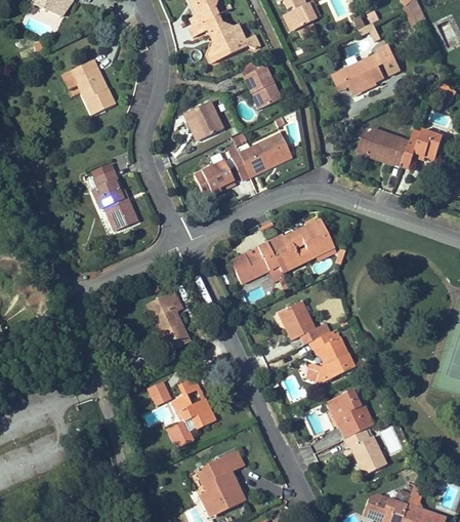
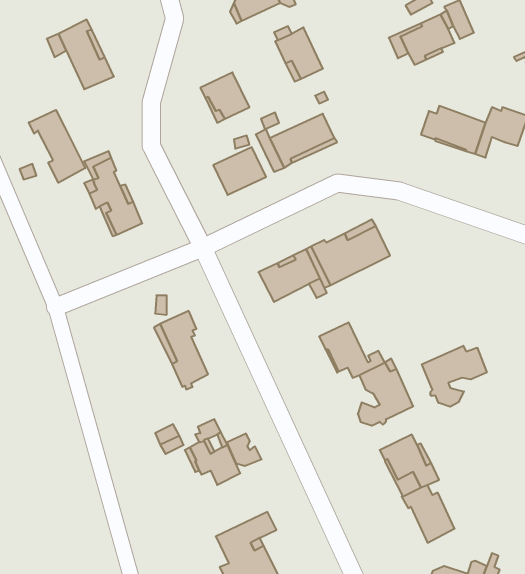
building: none -> [29,110,85,183]
building: none -> [422,346,487,407]
building: [166,419,194,445] -> [227,434,262,466]

